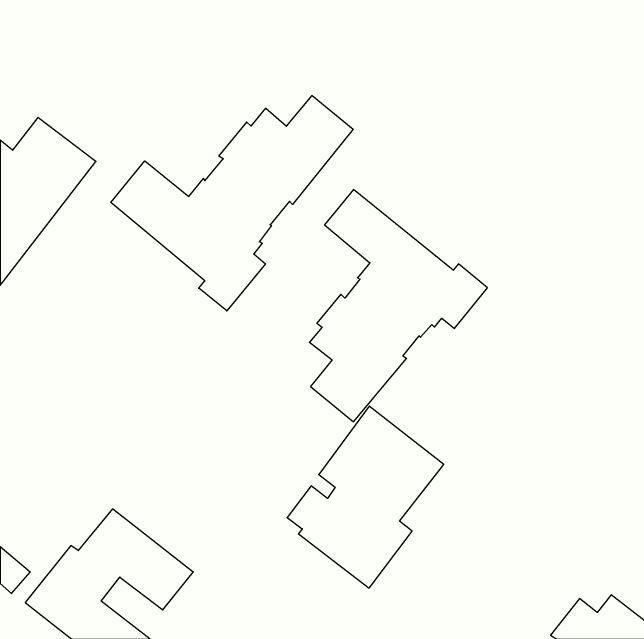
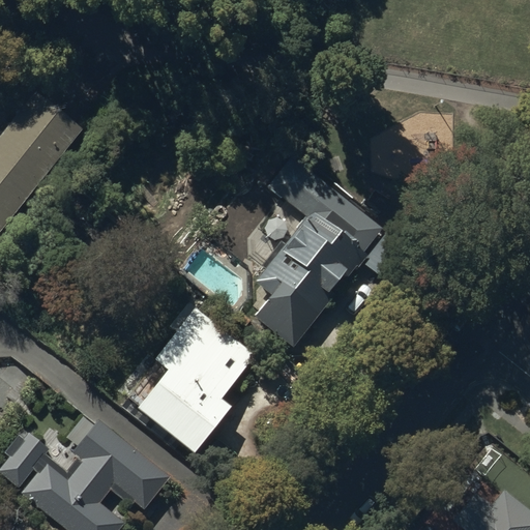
building: [111,96,353,311] -> none
building: [287,406,444,588] -> [127,307,256,457]

